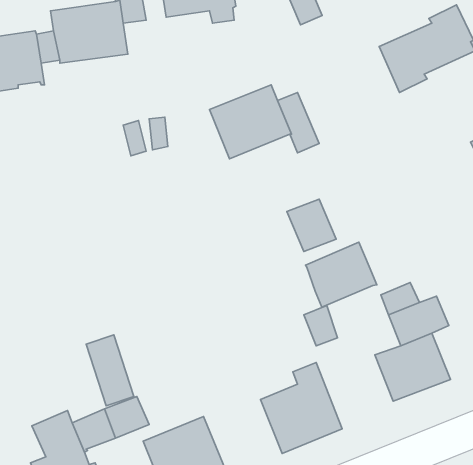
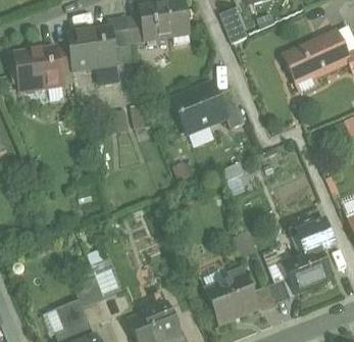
building: [305,242,377,307] -> none

